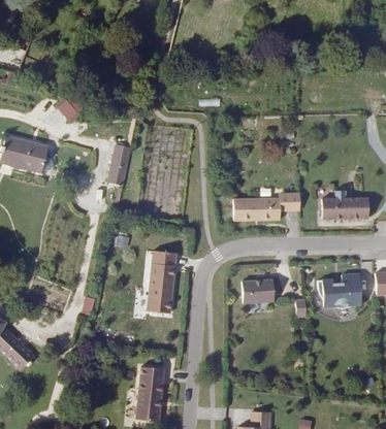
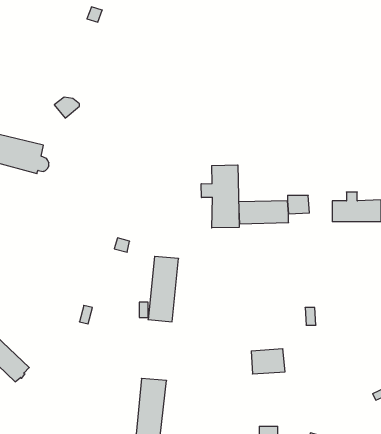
building: [108,143,132,185] -> none
building: none -> [201,165,239,228]
building: [318,273,361,308] -> none
building: [243,278,275,302] -> [251,349,285,374]

